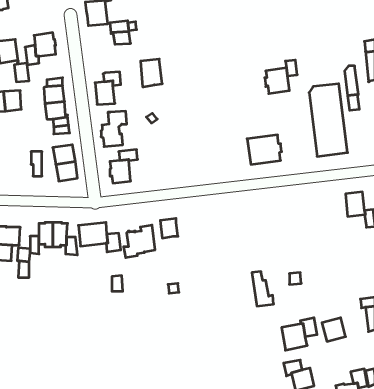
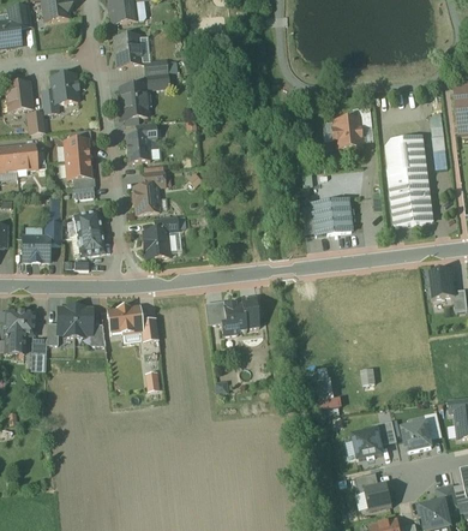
building: [141,59,162,87] -> [121,84,148,118]
building: none -> [23,234,50,261]
building: [124,225,155,258] -> [221,296,259,335]

